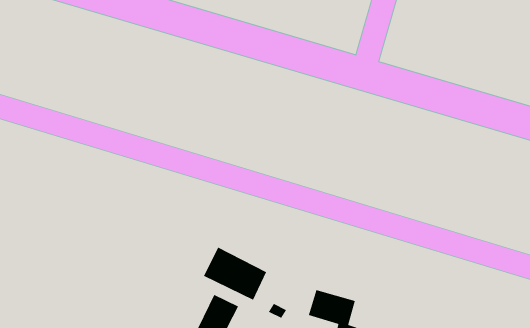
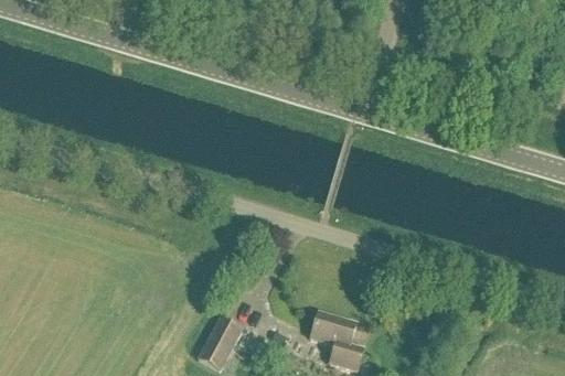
building: [203,246,267,301] -> none

